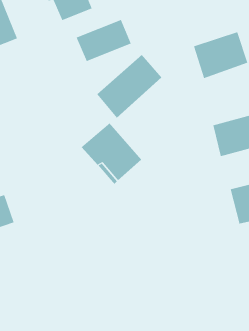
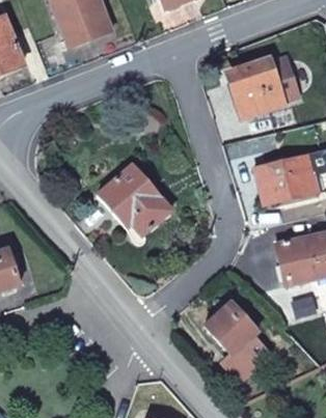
building: [76,19,132,62] -> none
building: [96,54,162,119] -> none
building: none -> [206,302,273,384]

